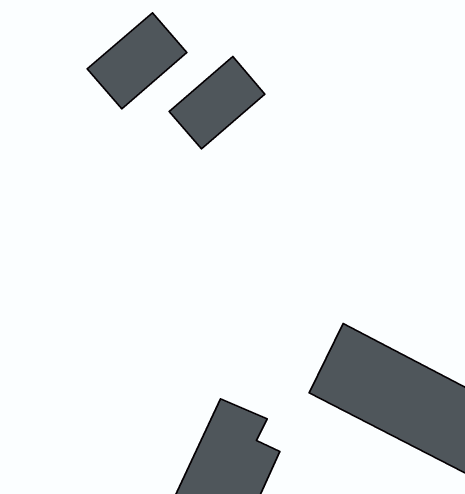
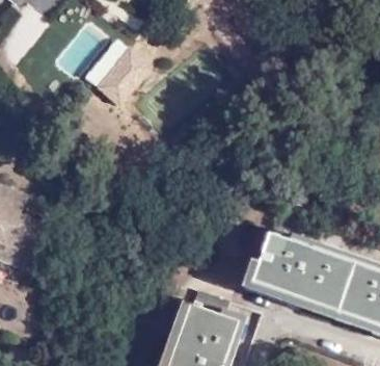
building: [169,57,265,149] -> none

